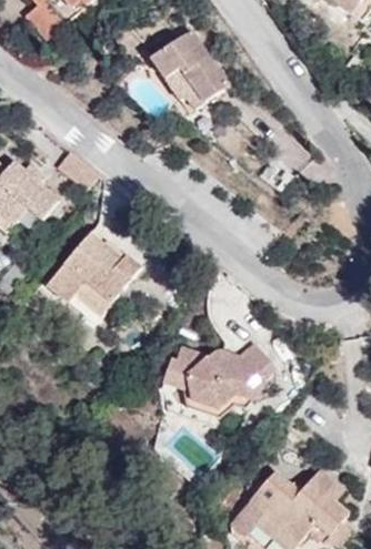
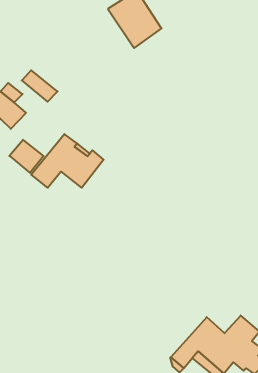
building: [71,278,116,322] -> [9,140,44,173]
building: [168,339,278,414] -> none

